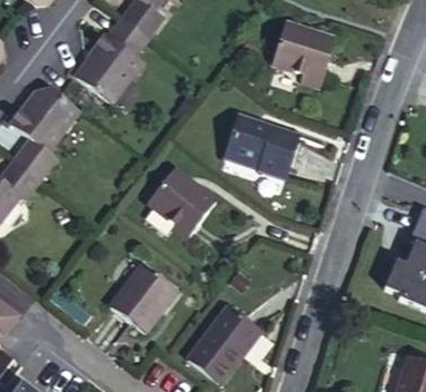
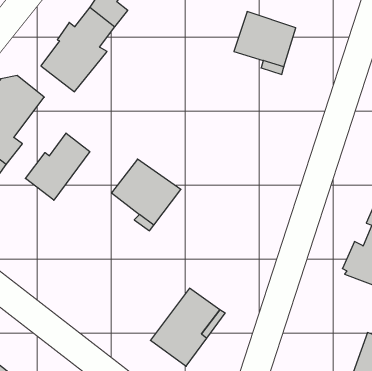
building: [225,118,300,184] -> none
building: none -> [25,133,90,200]
building: [111,264,175,331] -> none

